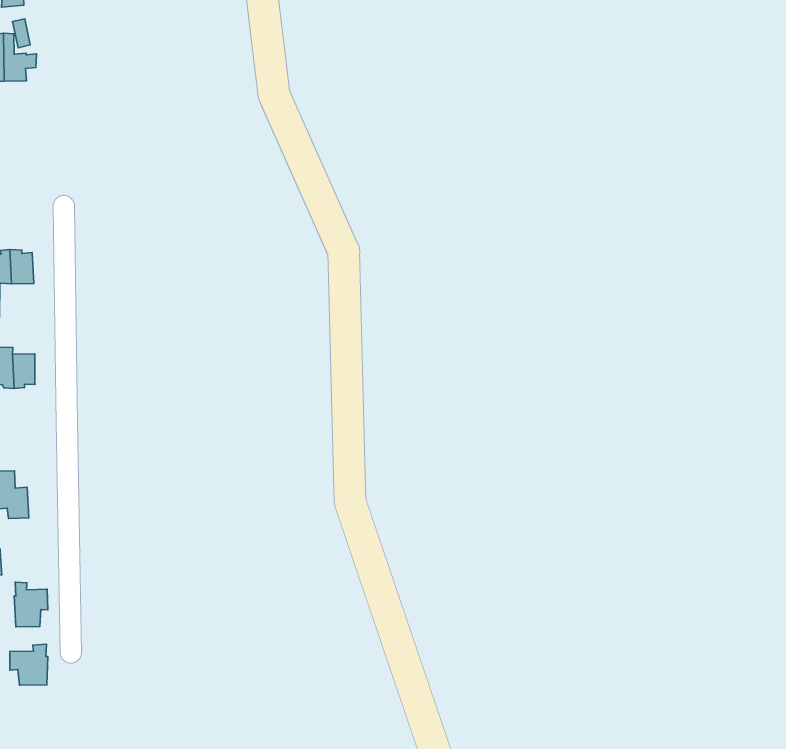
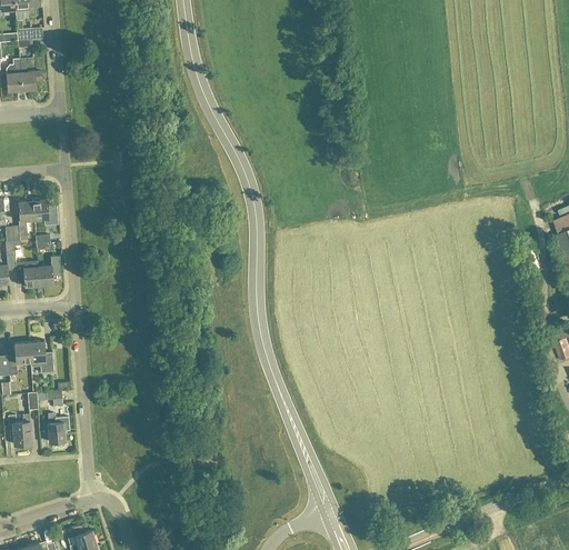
building: [10,644,48,685] -> none

